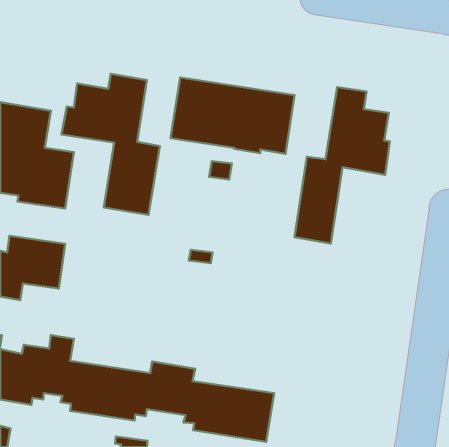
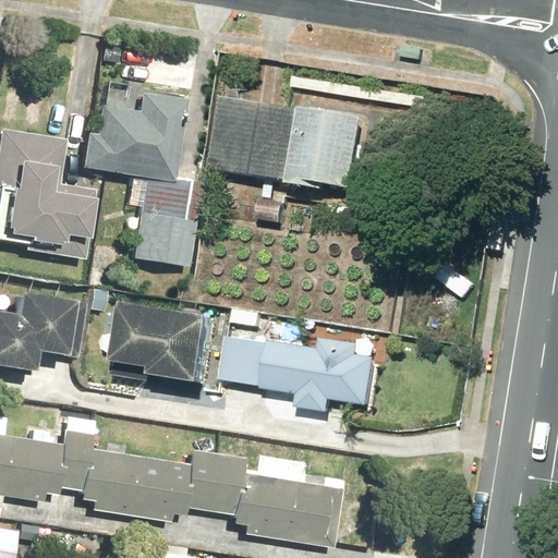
building: [295,87,390,243] -> none
building: none -> [118,305,216,387]
building: none -> [225,338,378,413]

